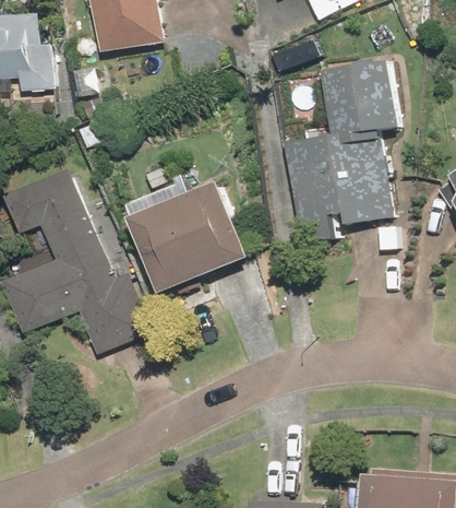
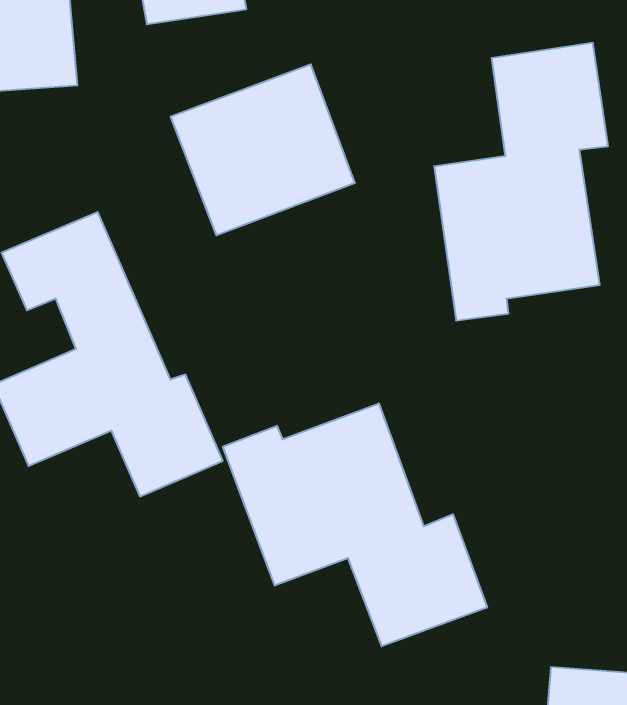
building: [125,182,244,293] -> [171,64,355,235]
building: none -> [223,403,487,646]

